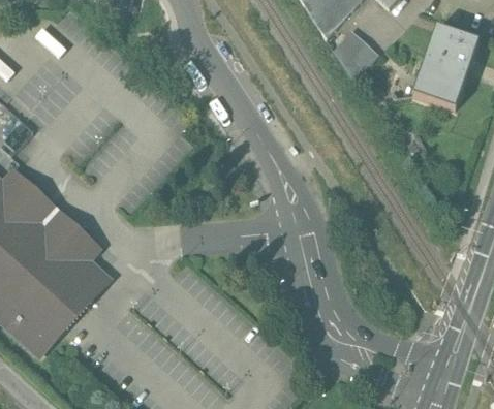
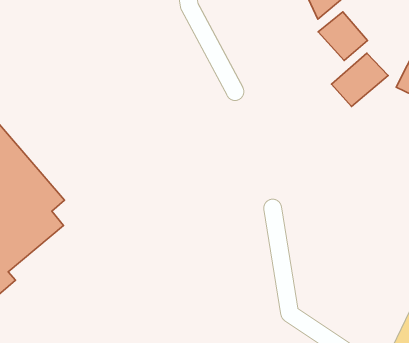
building: none -> [331,53,388,107]

